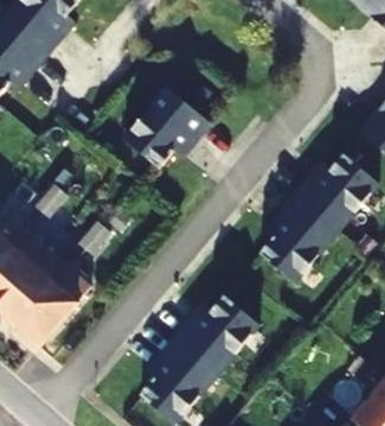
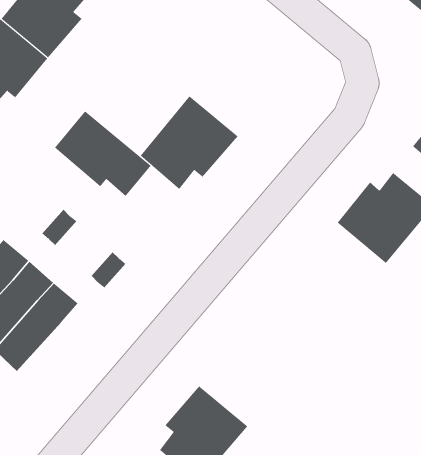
building: none -> [54,110,152,197]
building: [259,197,338,282] -> none
building: [18,267,92,345] -> none
building: [175,294,259,374] -> none

